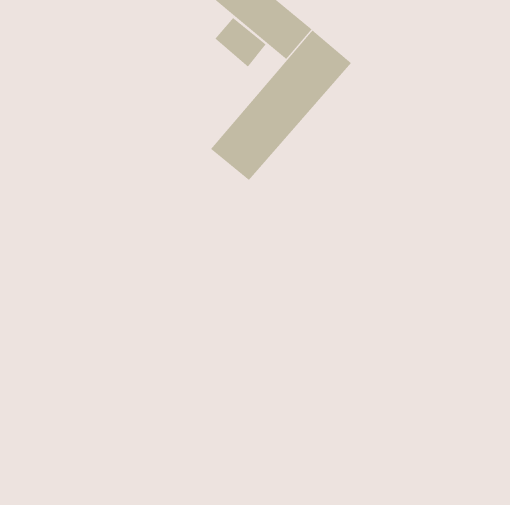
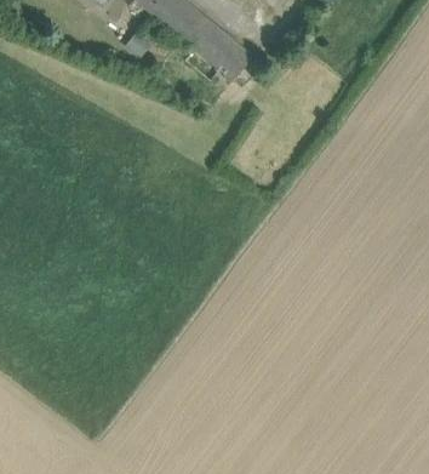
building: [210,30,352,181] -> none

